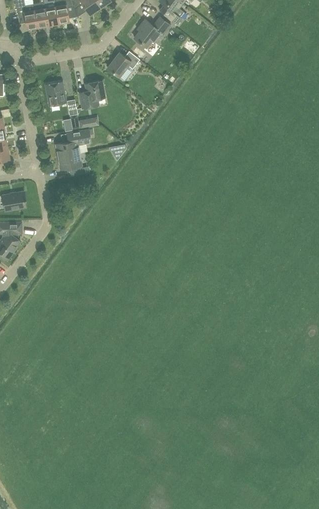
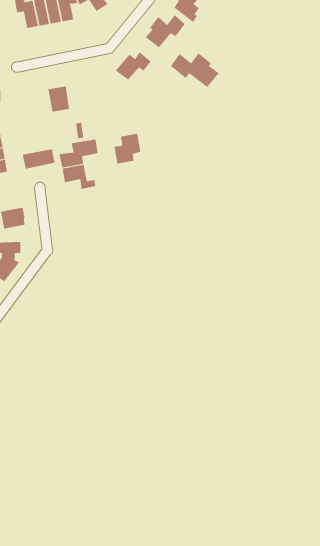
building: none -> [170,52,219,88]
building: [79,79,104,107] -> [114,133,141,164]
building: none -> [22,148,55,170]

